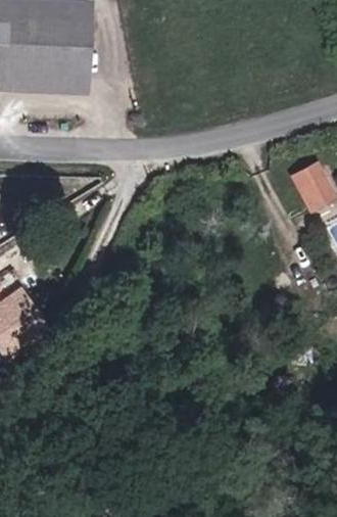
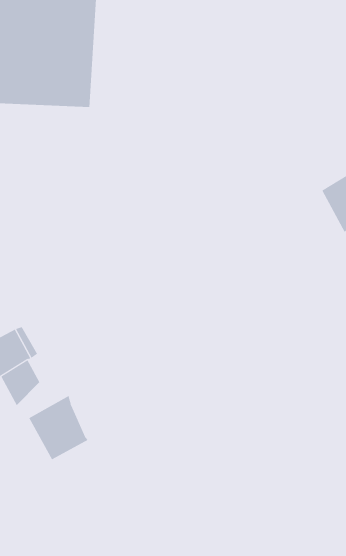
building: none -> [29,395,88,460]

